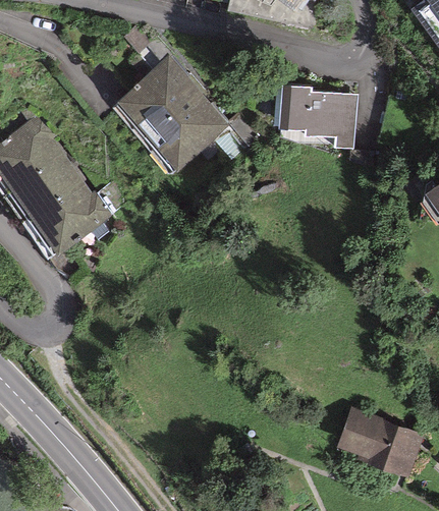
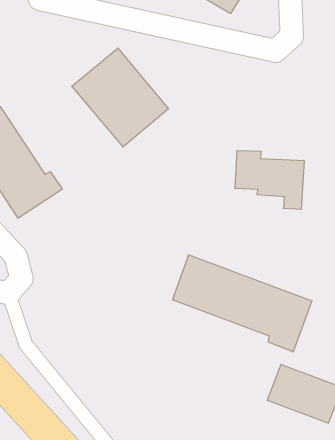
building: [280,84,358,150] -> [235,151,304,209]
building: none -> [173,255,312,352]

